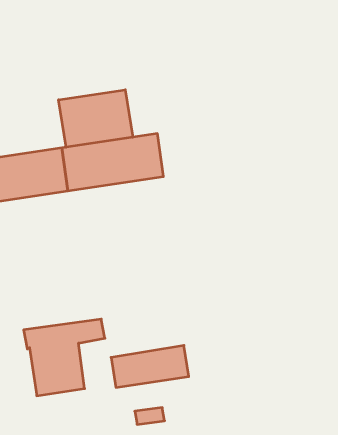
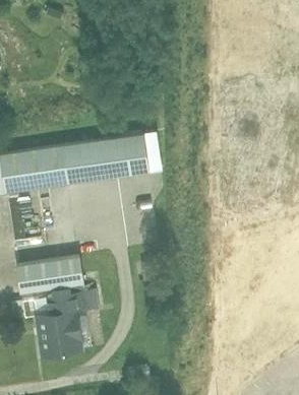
building: [59,90,133,147] -> none
building: [111,345,189,387] -> [17,258,83,293]

